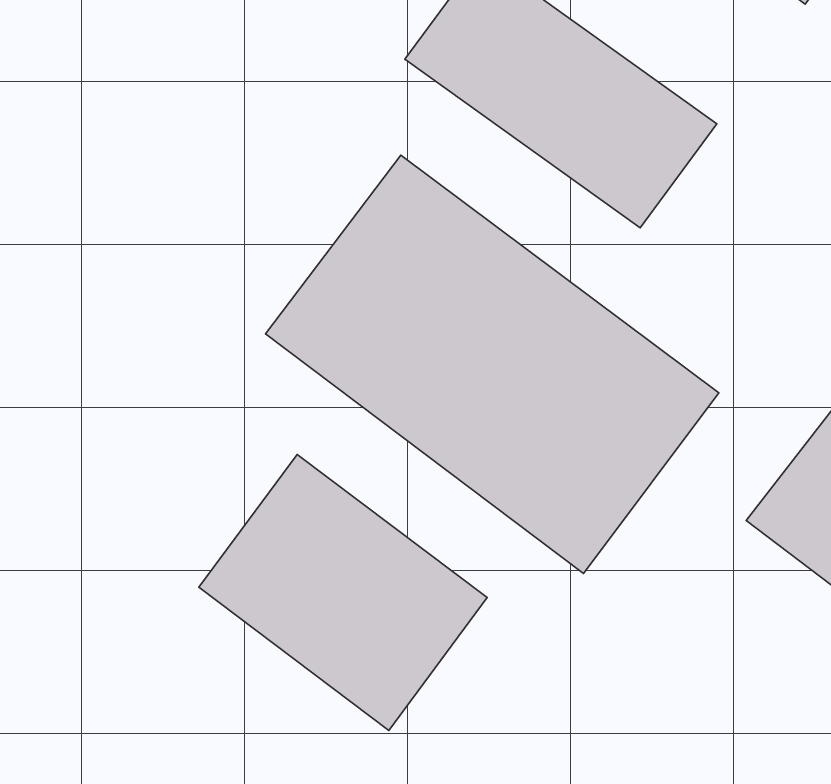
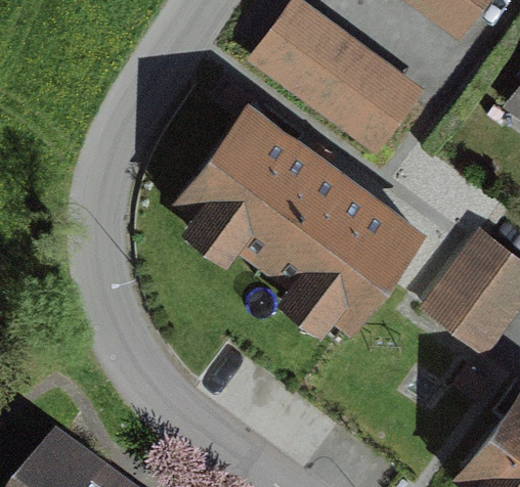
building: [199,454,487,730] -> none

